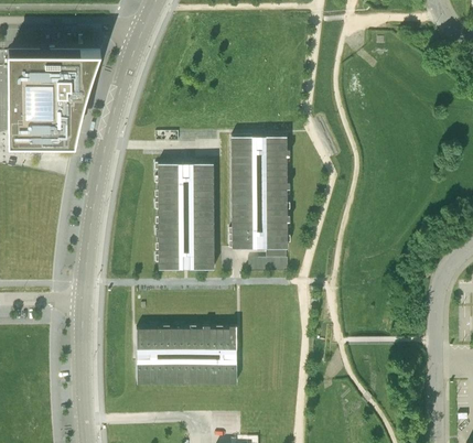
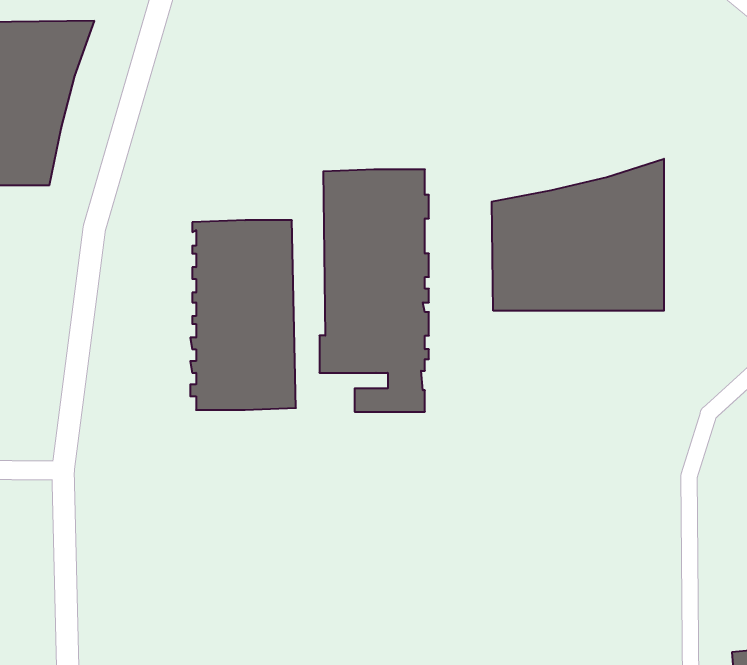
building: none -> [492,159,664,311]
building: [136,325,236,386] -> none

